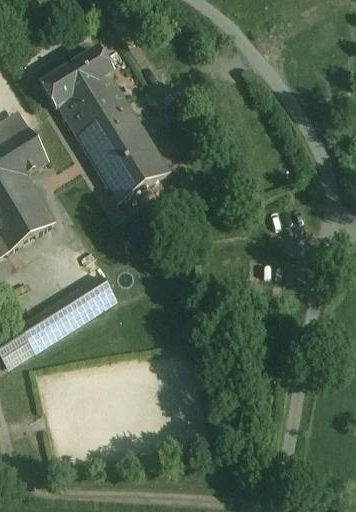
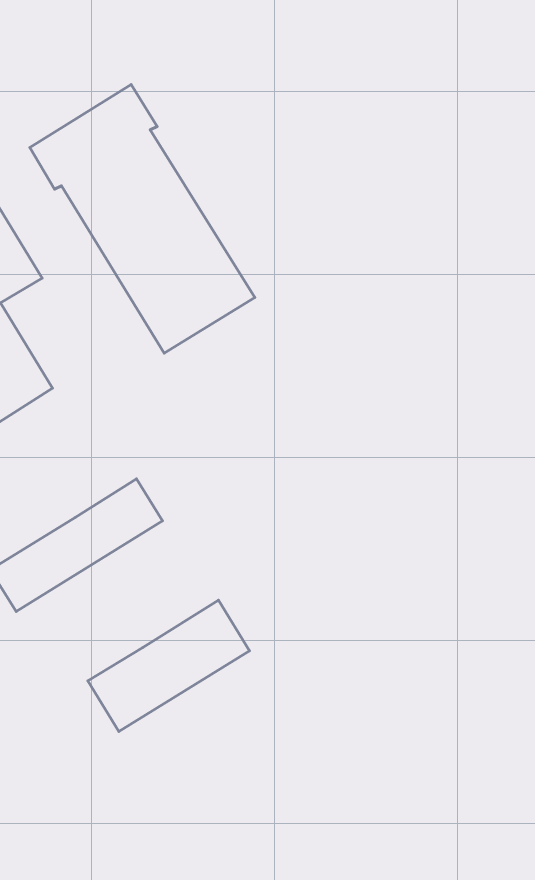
building: none -> [88,600,249,732]

